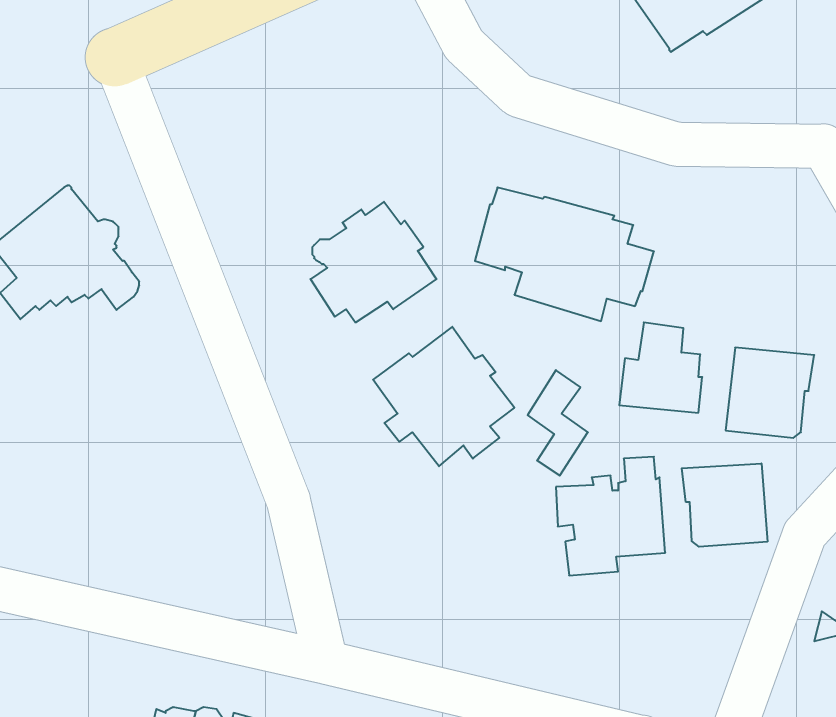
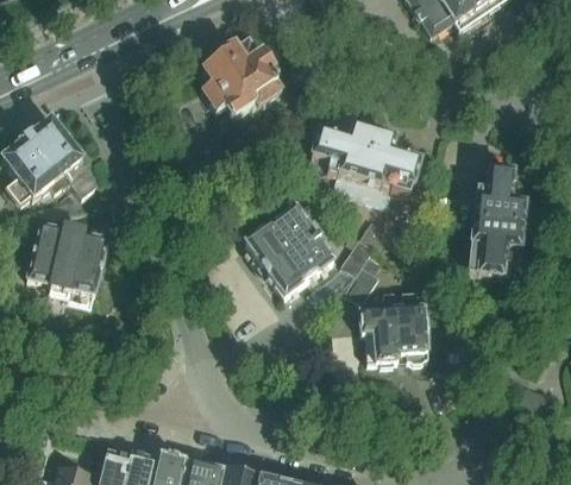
building: [310,202,437,322] -> [202,38,282,114]
building: [619,322,702,413] -> [472,168,525,225]
building: none -> [25,220,109,304]
building: [682,463,767,547] -> none

